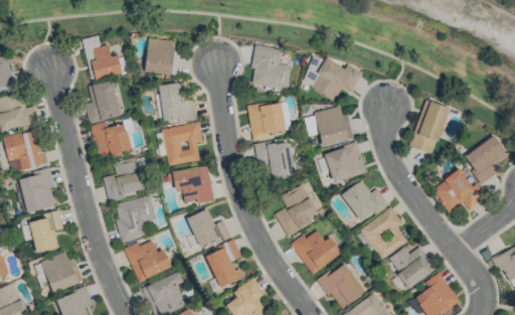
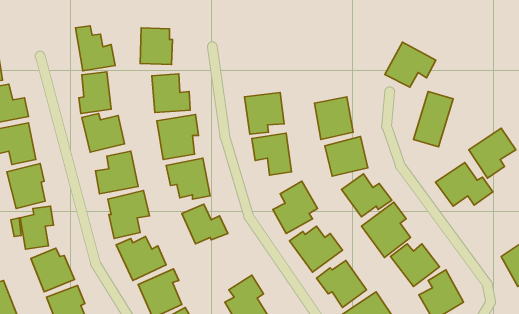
building: [250,44,291,89] -> none
building: [310,57,359,101] -> [385,42,436,87]
building: [206,242,239,287] -> none

